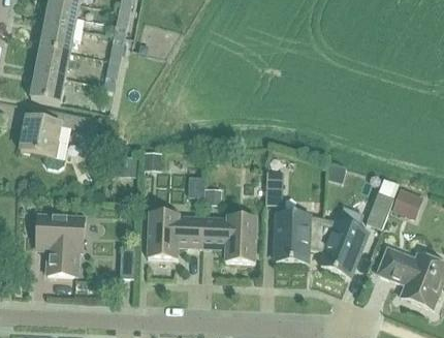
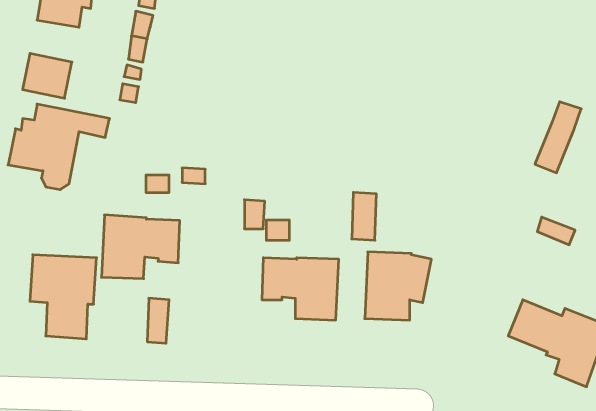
building: [35,48,70,78] -> none
building: [364,178,398,228] -> [535,102,581,173]
building: [146,213,201,258] -> [101,215,180,279]
building: [315,218,366,276] -> none

